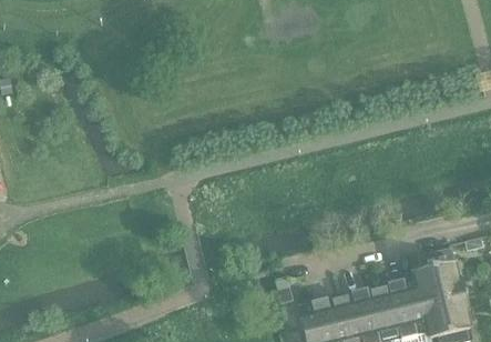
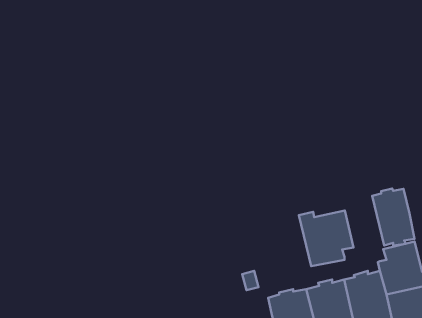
building: none -> [372,189,415,245]
building: none -> [299,210,353,266]

